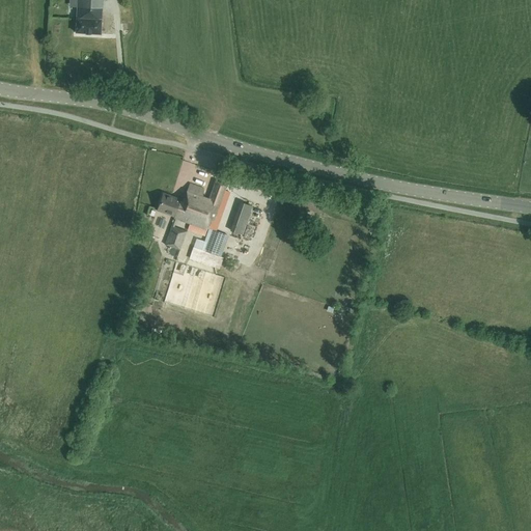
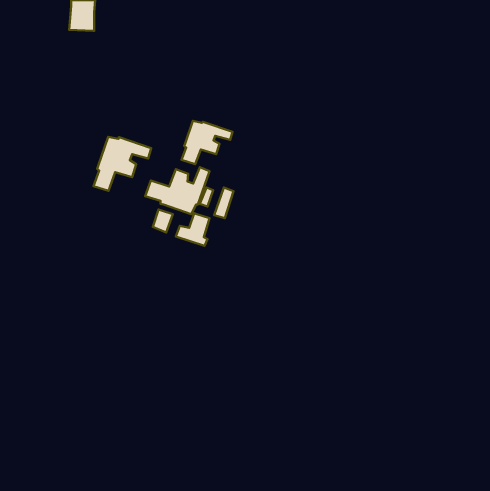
building: none -> [182,121,232,164]
building: none -> [93,137,151,191]

